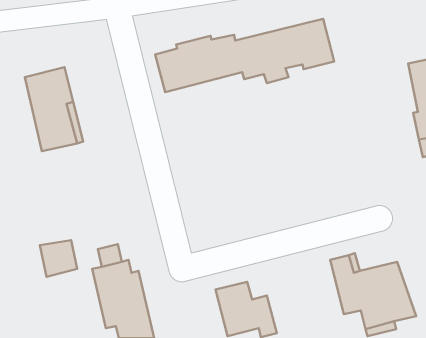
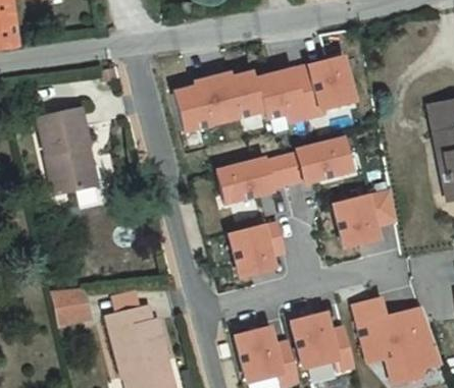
building: none -> [217,140,350,203]
building: none -> [333,188,396,246]
building: none -> [229,220,287,276]
building: none -> [291,313,354,370]

